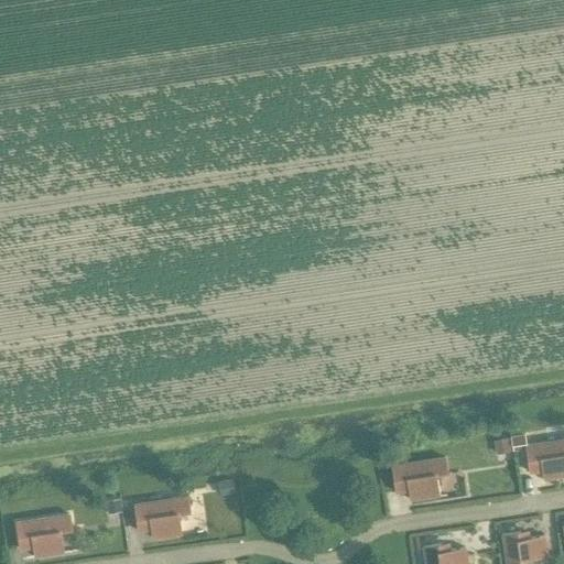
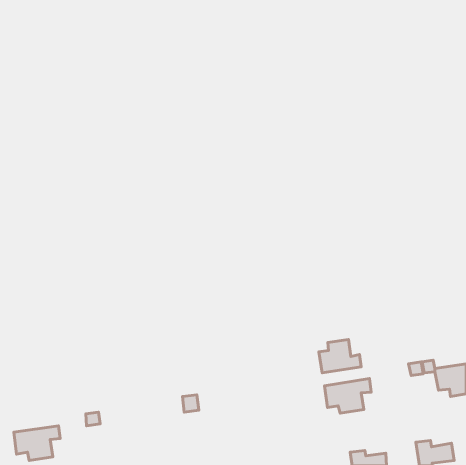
building: none -> [319,340,361,373]
building: [134,498,191,540] -> none

